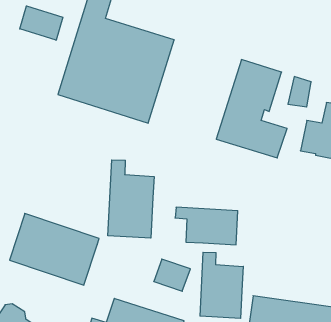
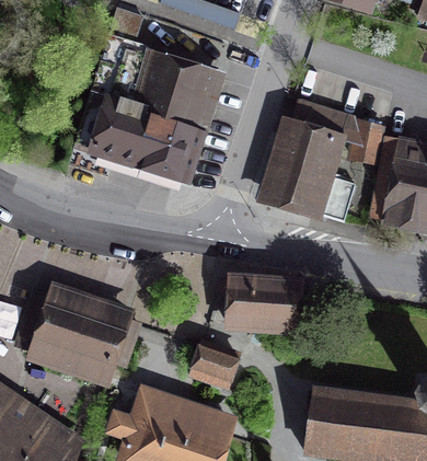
building: [20,6,63,40] -> none
building: [108,160,154,238] -> none
building: [200,252,243,318] -> none

